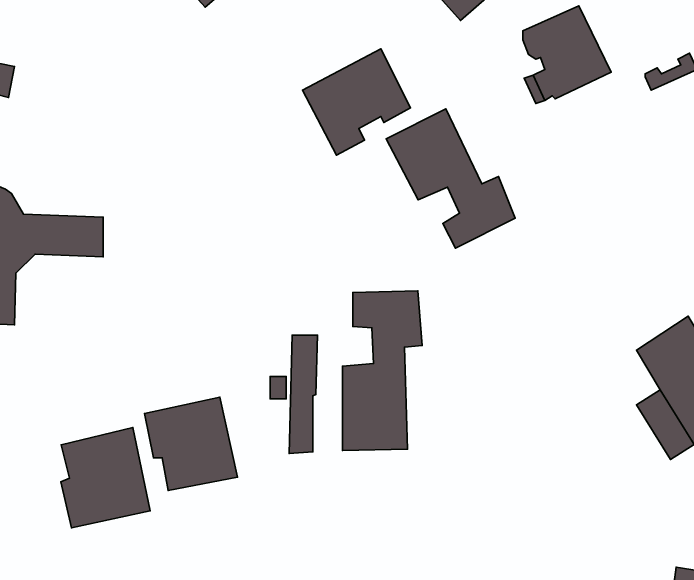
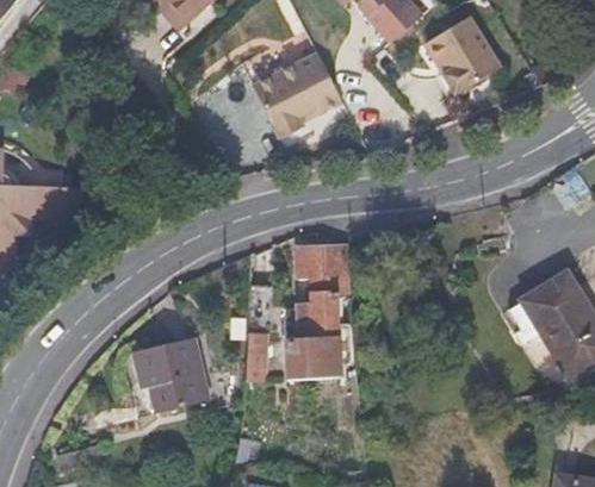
building: [386,109,515,248] -> none
building: [61,428,150,528] -> none

